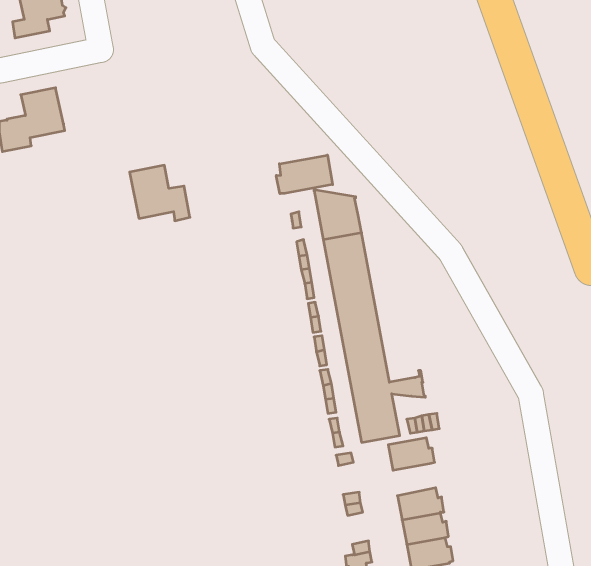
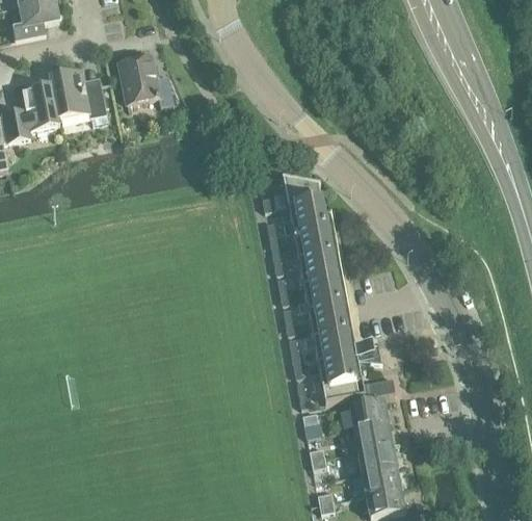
building: none -> [49,69,107,116]
building: [276,155,333,194] -> none
building: [130,165,190,221] -> [119,55,174,105]
building: none -> [353,421,395,450]

